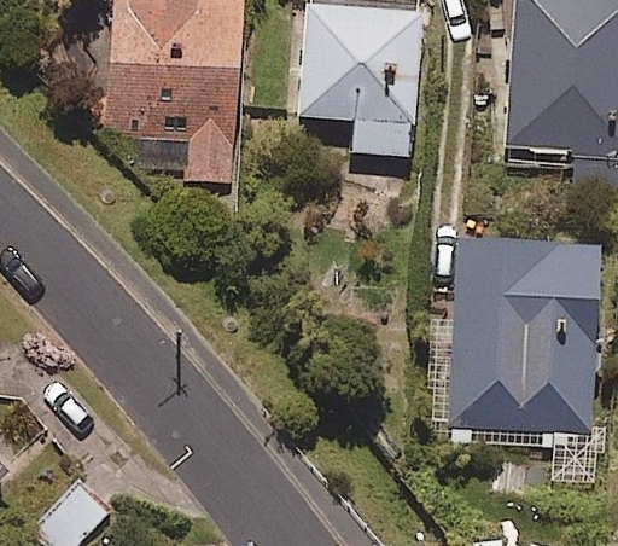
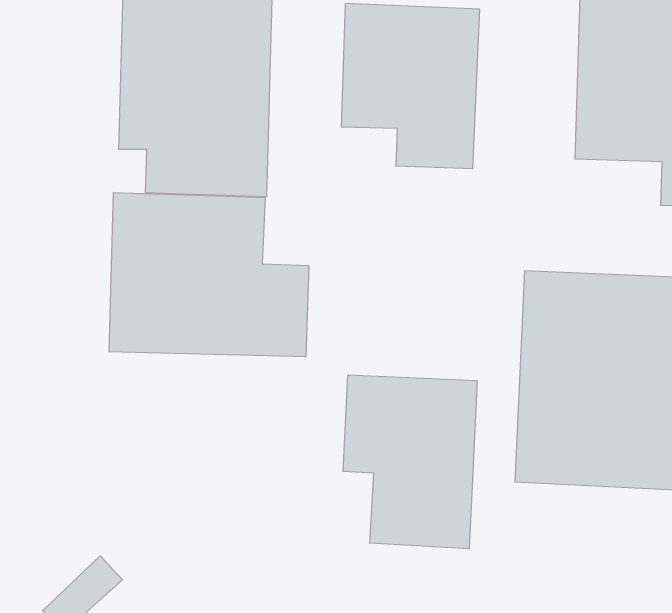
building: none -> [109,192,309,357]
building: none -> [343,375,477,549]

